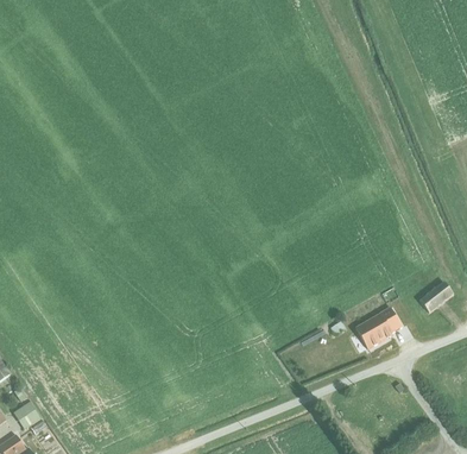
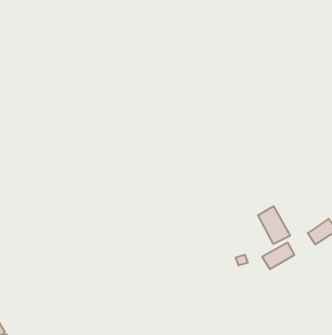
building: none -> [258,206,290,244]

